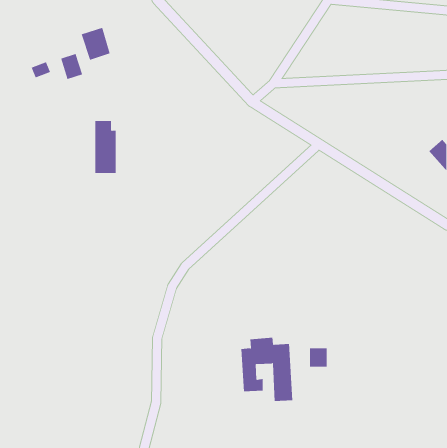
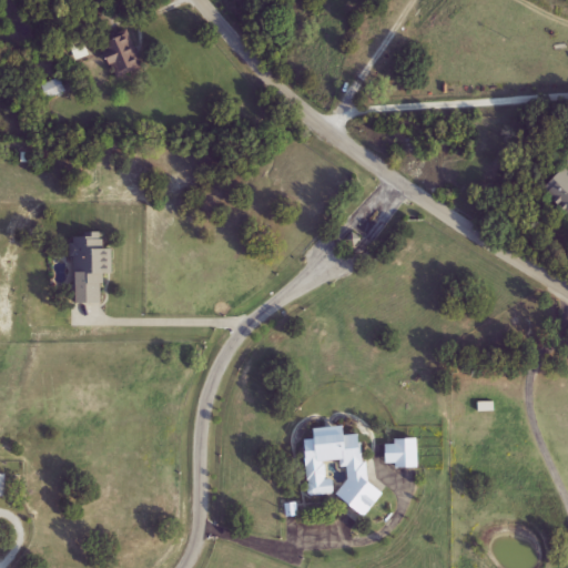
building: [60,53,83,80] -> none
building: [94,121,116,173] -> [72,236,100,303]

